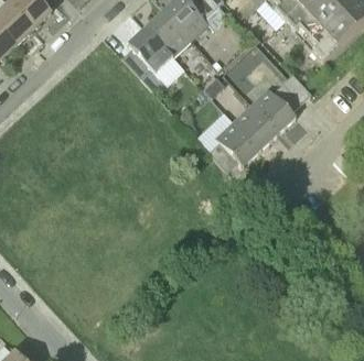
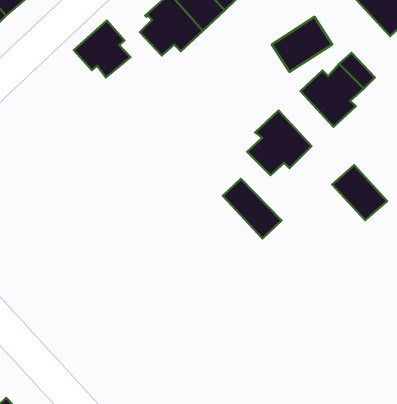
building: none -> [74,21,130,78]
building: [237,100,281,144] -> [332,165,387,220]
building: none -> [223,179,282,239]

